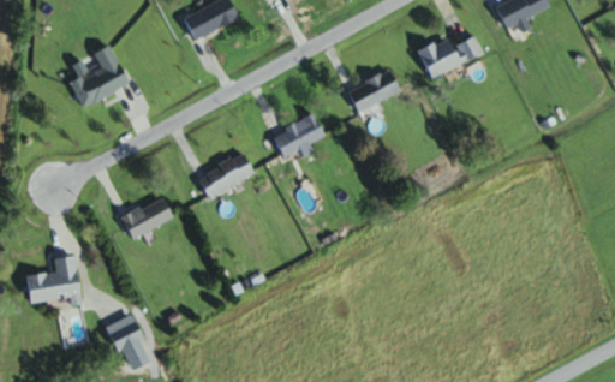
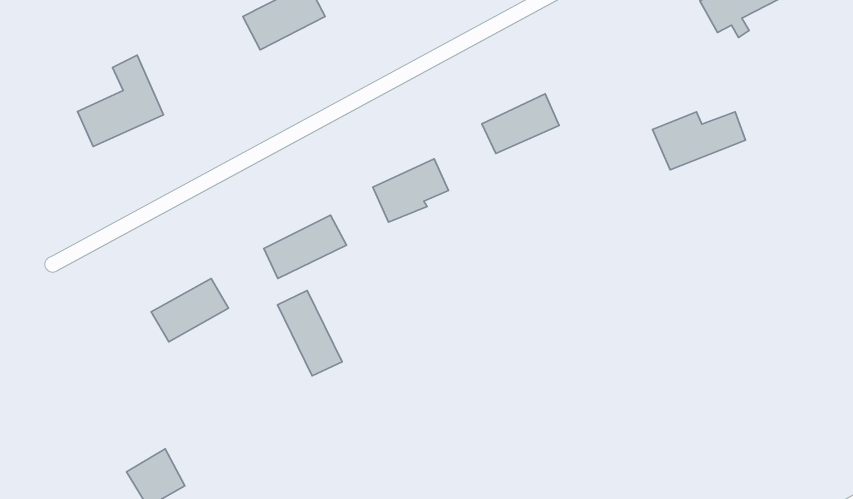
building: [418,37,482,77] -> [652,112,746,170]
building: none -> [277,291,342,376]
building: [26,256,82,306] -> none

